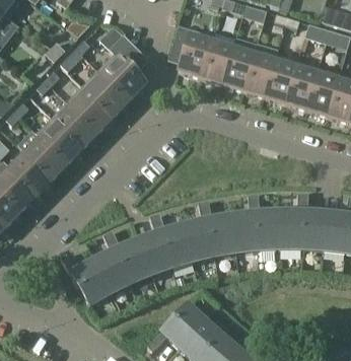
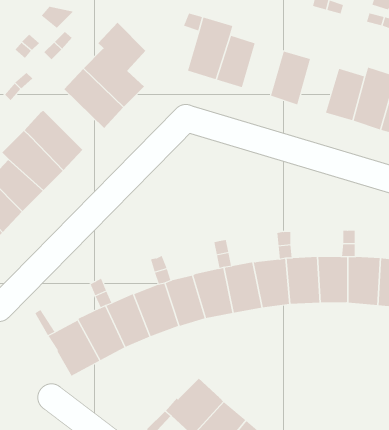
building: [222,48,254,88] -> none
building: [265,60,296,101] -> none
building: [69,83,116,130] -> none

